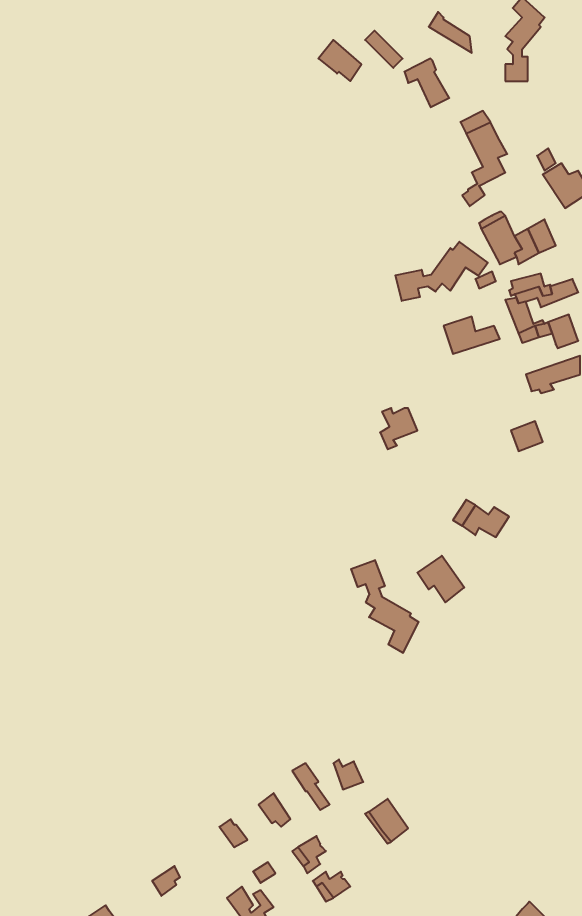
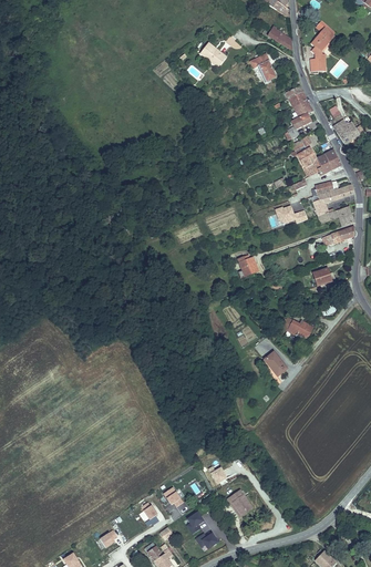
building: [395,242,488,301] -> none
building: [351,560,419,653] -> none

